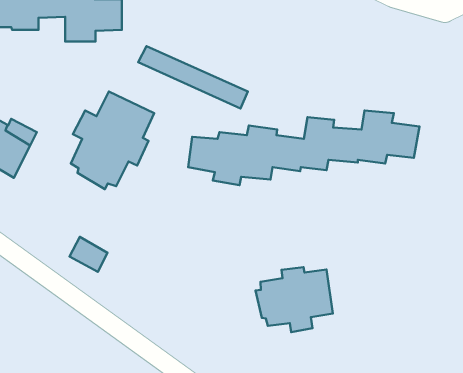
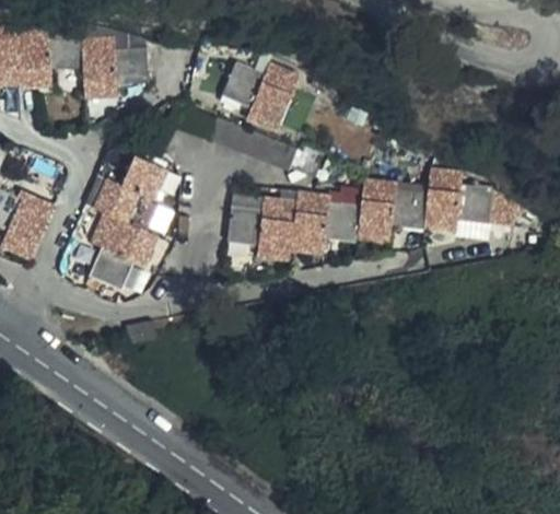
building: none -> [221,62,300,129]
building: [70,237,107,272] -> [84,245,128,285]
building: [256,267,333,332] -> none

